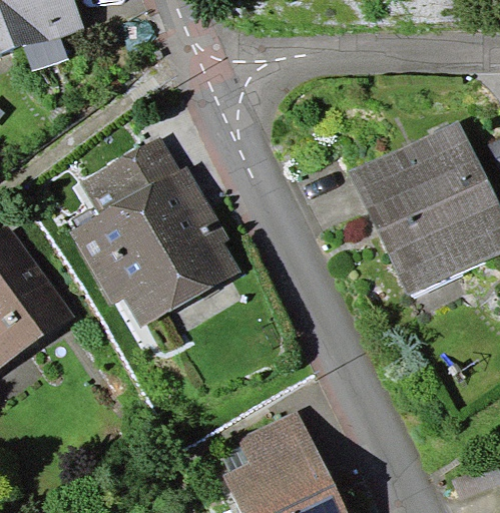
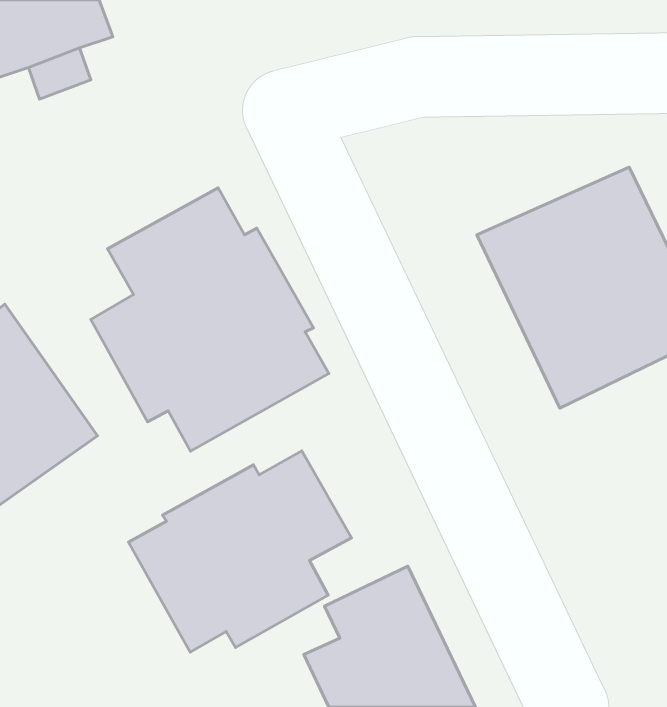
building: none -> [129,451,351,652]

